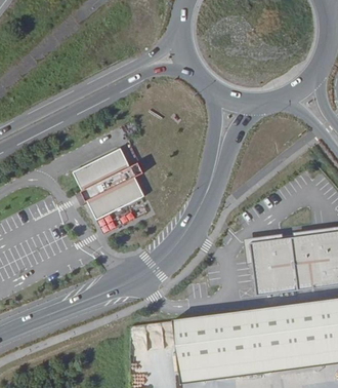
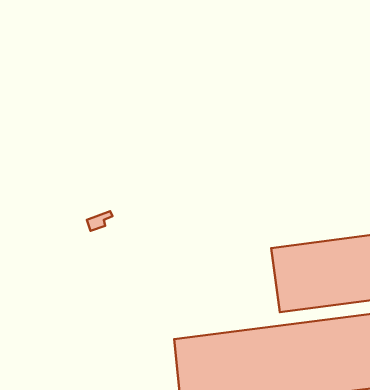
building: [73,149,145,220] -> none

